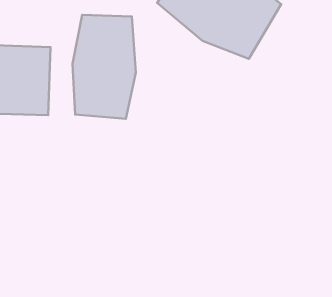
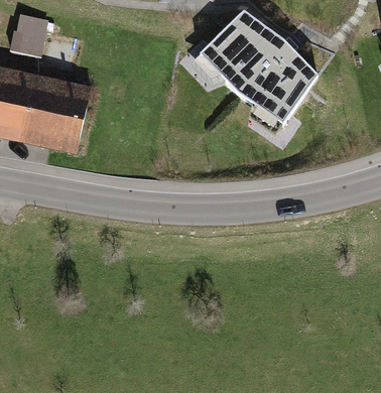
building: [72,15,136,119] -> none

